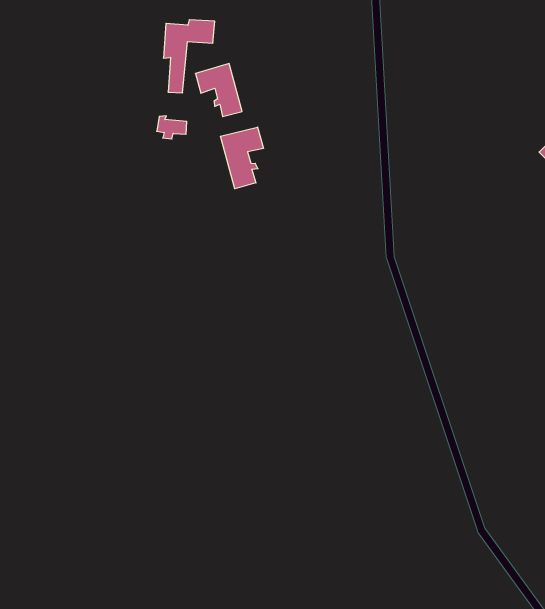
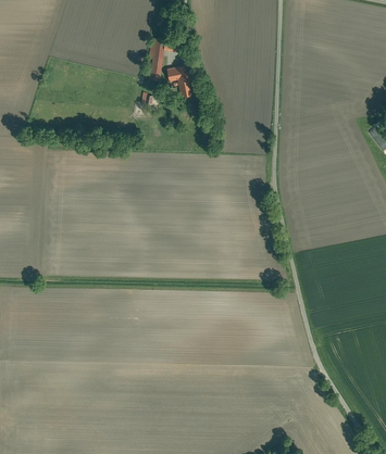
building: [220,127,263,189] -> none

